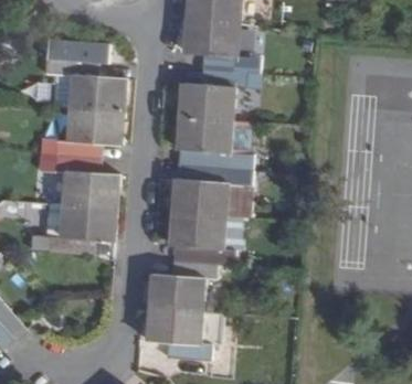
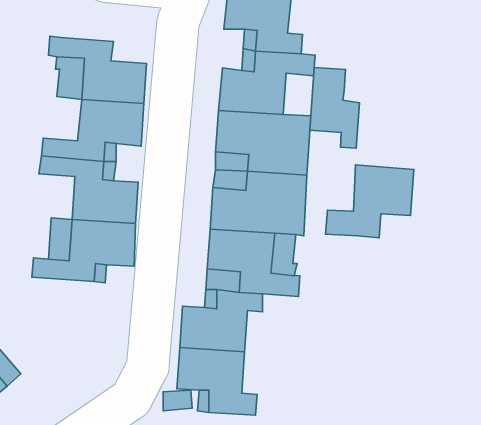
building: [54,46,124,77] -> none
building: none -> [310,68,360,148]
building: none -> [326,165,414,238]

